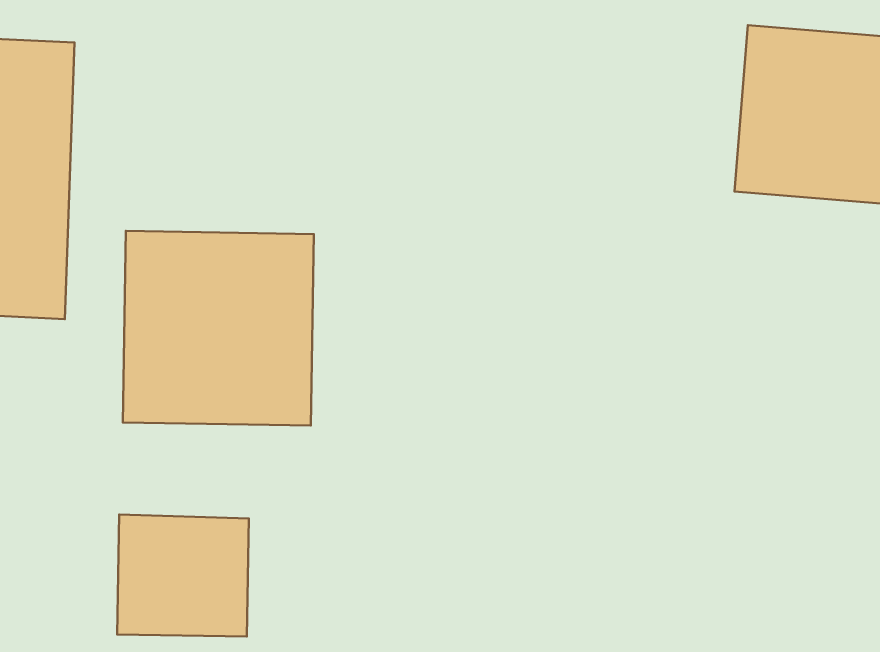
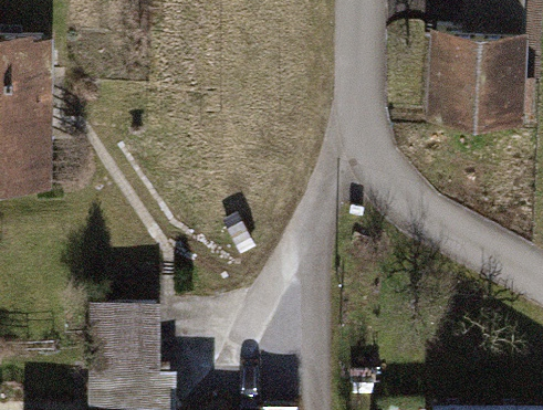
building: [123,231,314,425] -> none

